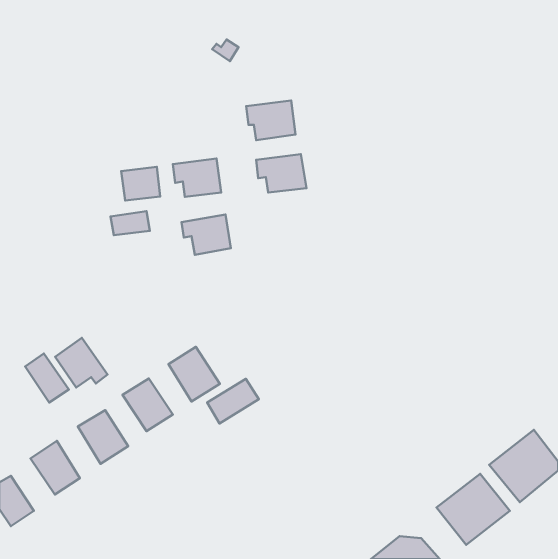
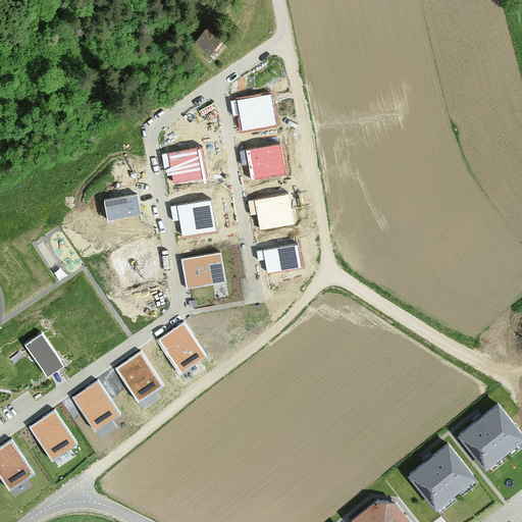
building: [121,167,160,200] -> none
building: none -> [247,194,295,229]
building: none -> [255,244,301,273]
building: none -> [180,252,223,288]
building: [55,338,108,387] -> none
building: [207,379,259,423] -> none

